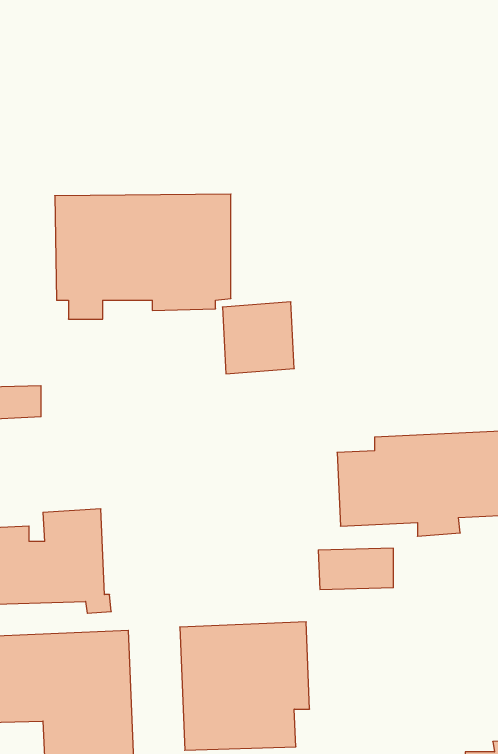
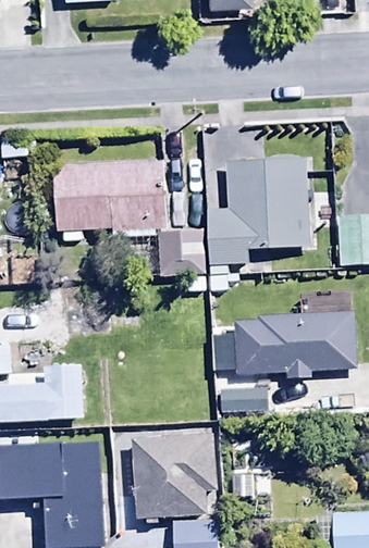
building: none -> [206,159,308,264]

